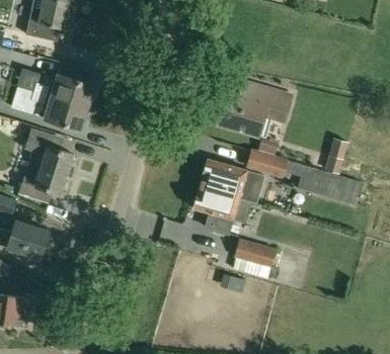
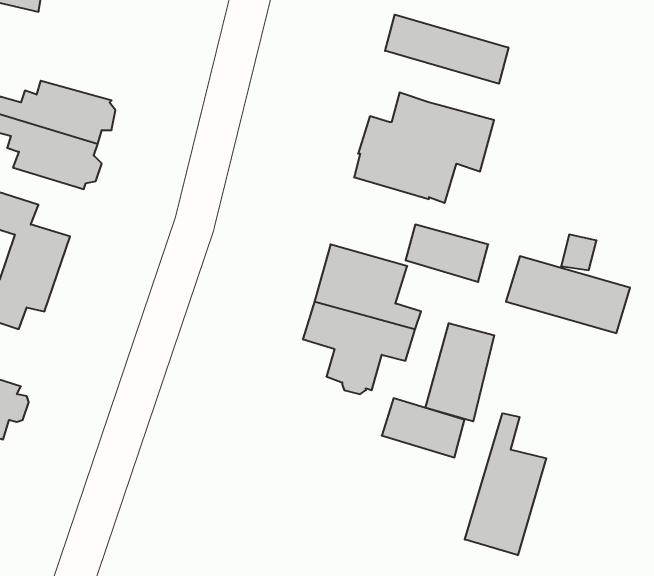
building: none -> [385,15,508,84]
building: none -> [426,323,494,421]
building: none -> [465,413,546,555]

